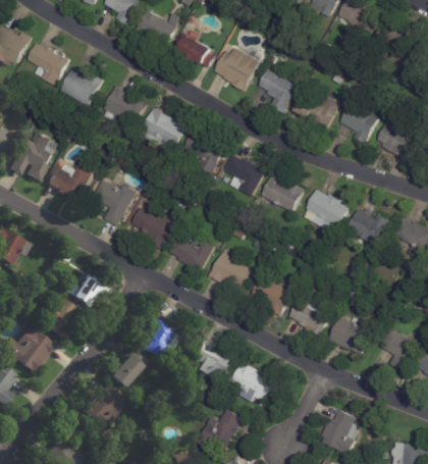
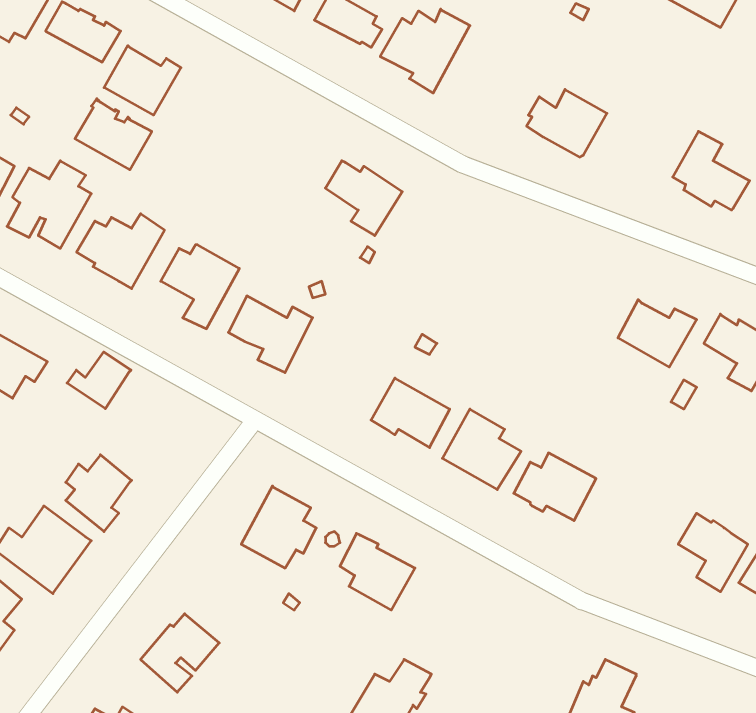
building: [259,70,298,114] -> none
building: [104,84,147,123] -> [75,99,152,170]
building: [340,98,379,144] -> none
building: [142,106,185,146] -> none
building: [223,153,266,196] -> none
building: [261,171,304,211] -> none
building: [302,189,350,235] -> none
building: [169,235,215,271] -> none
building: [63,273,99,305] -> [67,352,131,409]
building: [329,316,372,353] -> none
building: [107,348,144,385] -> none
building: [227,361,275,403] -> none

